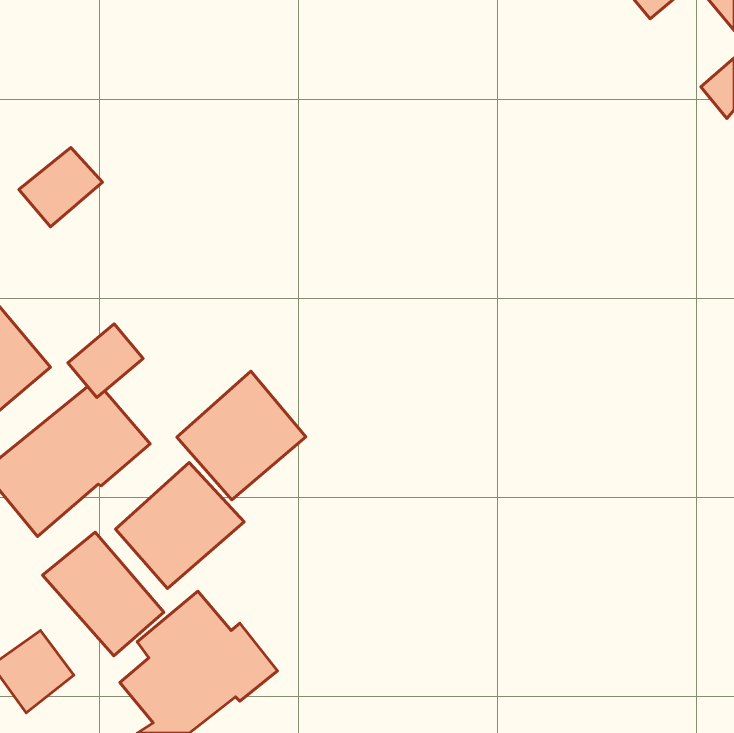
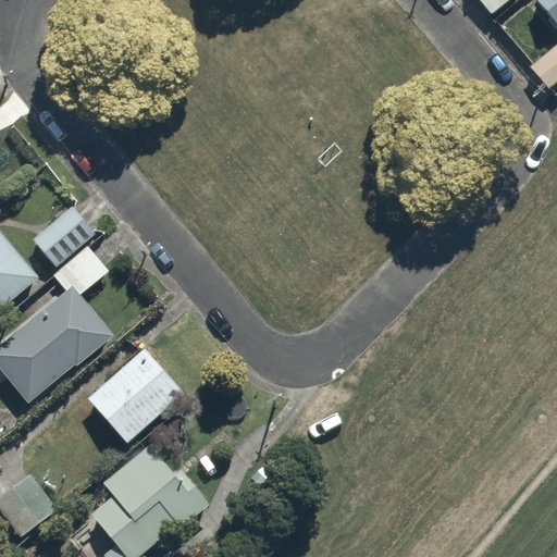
building: [19,147,103,227] -> [32,207,95,267]
building: [177,371,306,500] -> none
building: [42,532,164,656] -> none

